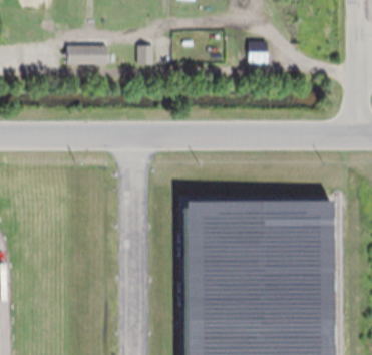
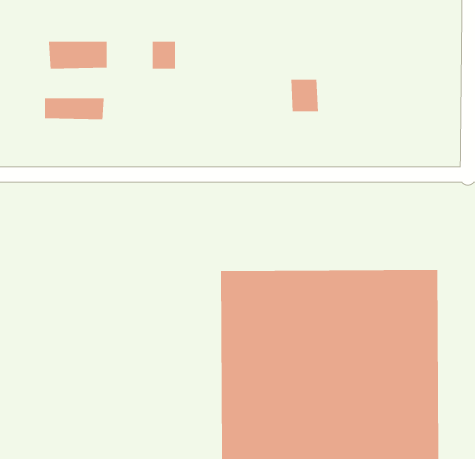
building: [249,41,268,63] -> [291,79,319,112]
building: none -> [44,98,104,120]

